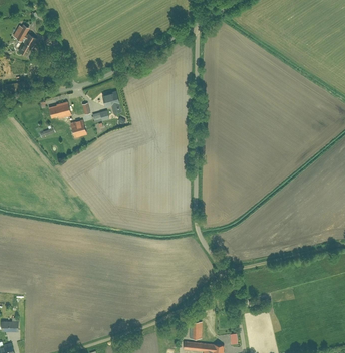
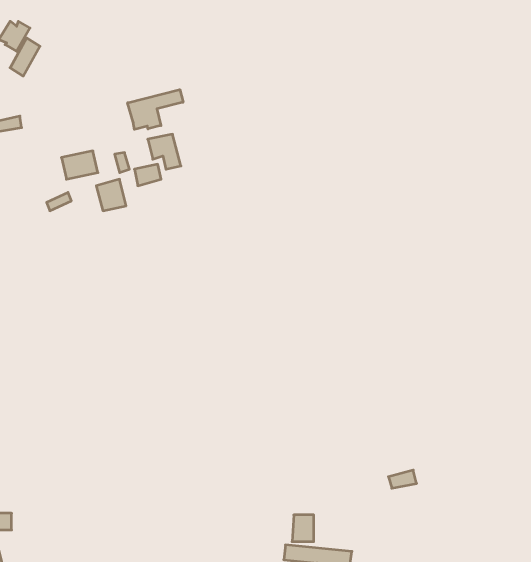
building: none -> [128,90,183,129]

